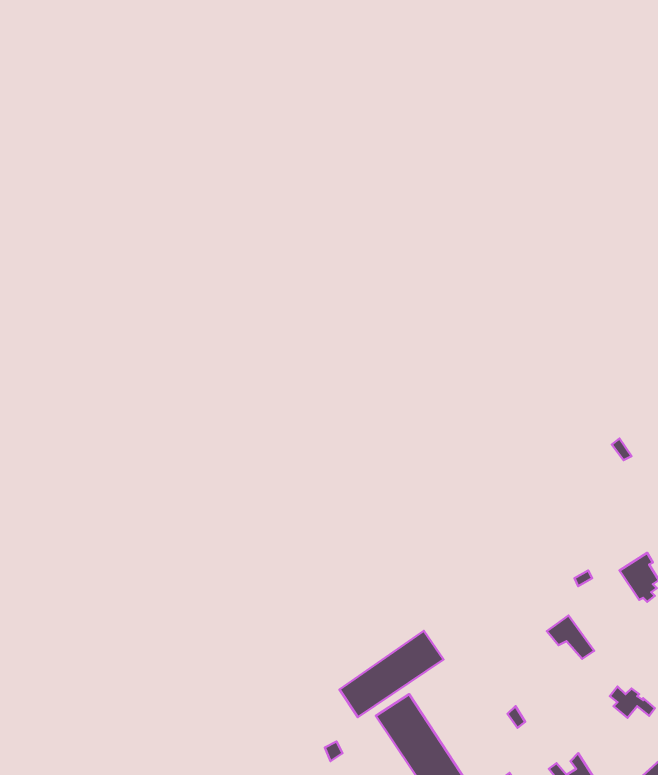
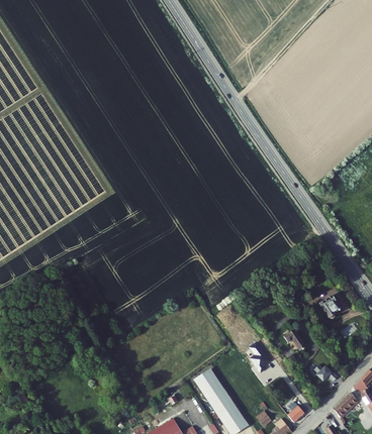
building: [339,631,444,717] -> none

